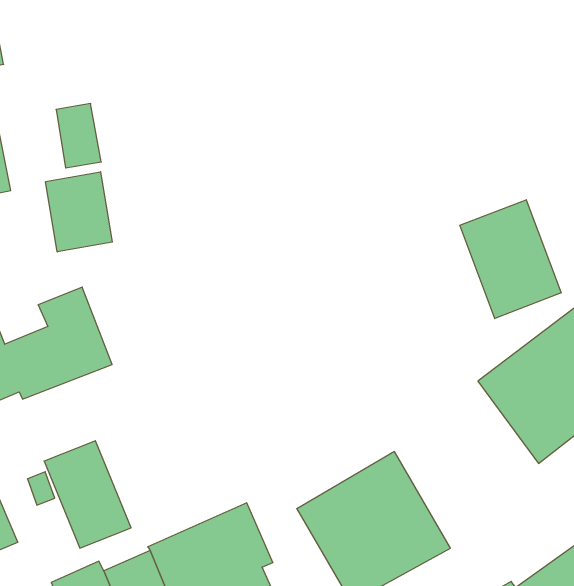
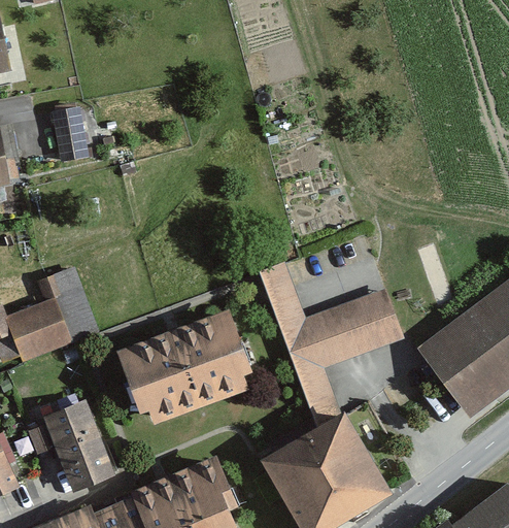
building: [46,172,112,252] -> none
building: [460,200,561,319] -> none
building: none -> [259,261,404,420]
building: none -> [116,307,252,425]

